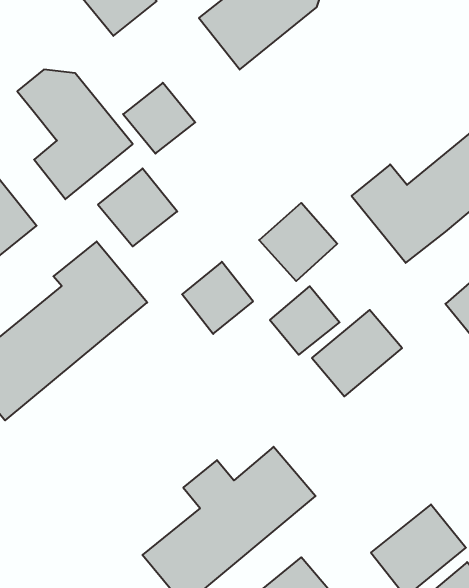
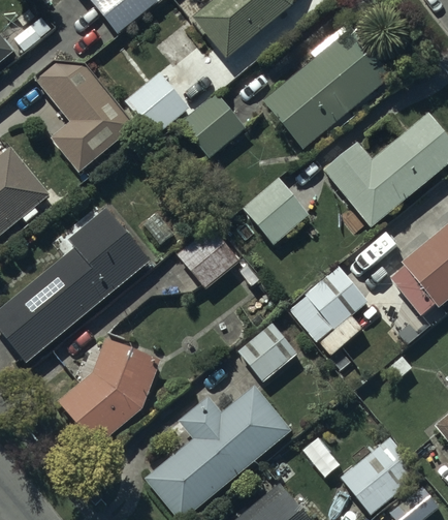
building: none -> [265,28,394,149]
building: [98,168,177,246] -> [178,91,246,158]
building: [270,286,340,355] -> [237,322,297,380]
building: none -> [58,340,159,447]

